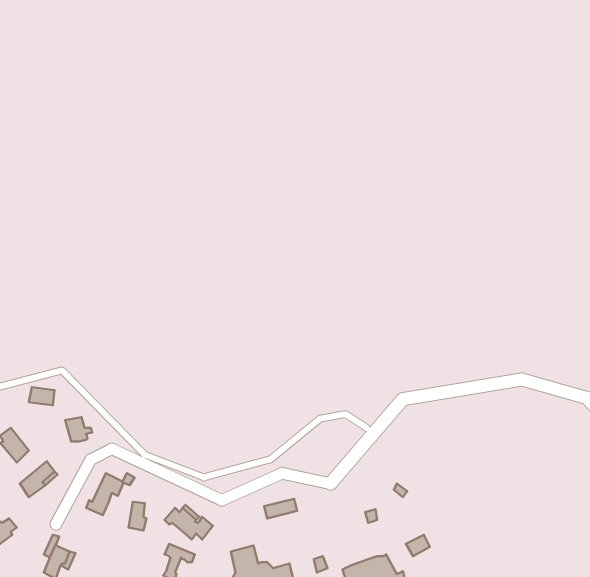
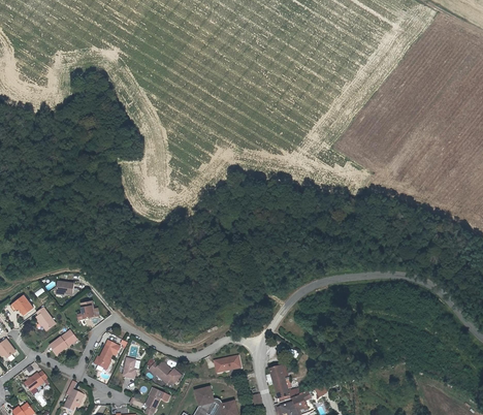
building: none -> [267,364,294,403]

